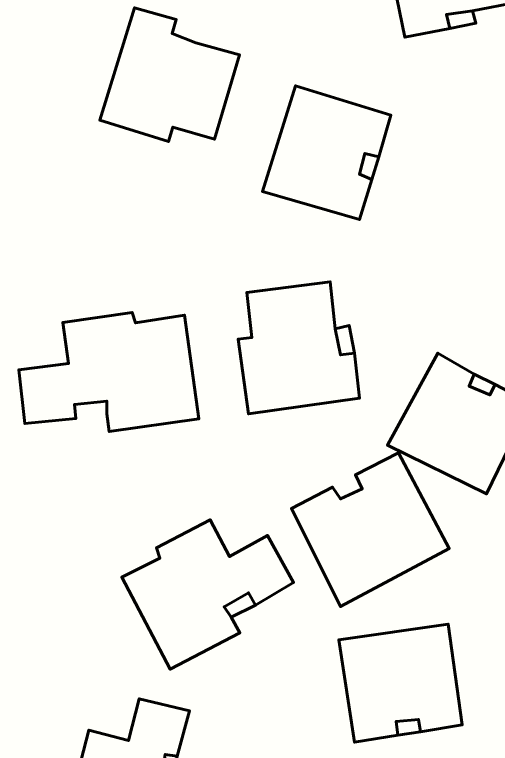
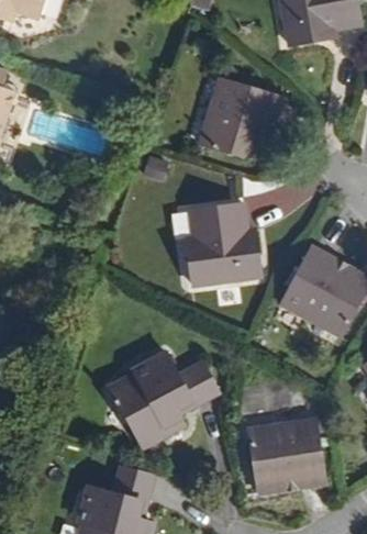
building: [100,8,239,141] -> none
building: [19,312,199,432] -> none
building: [291,453,449,606] -> none

